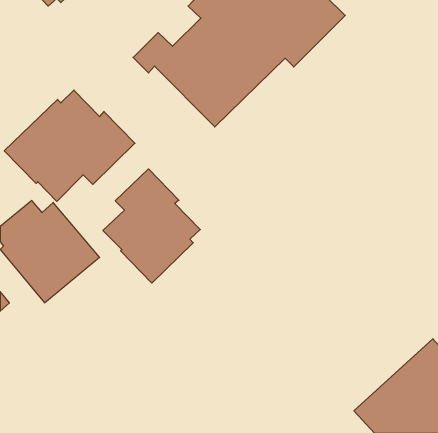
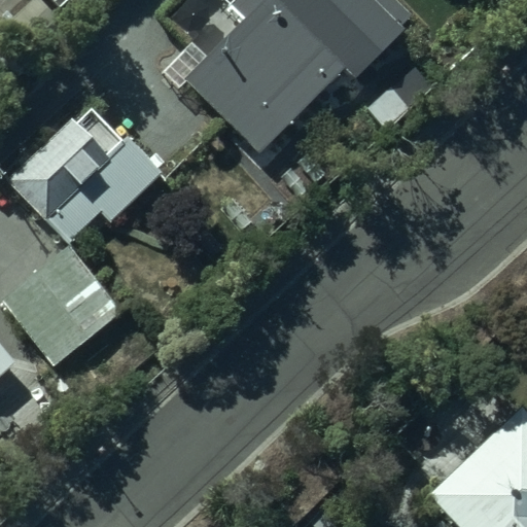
building: [103,169,200,283] -> none

